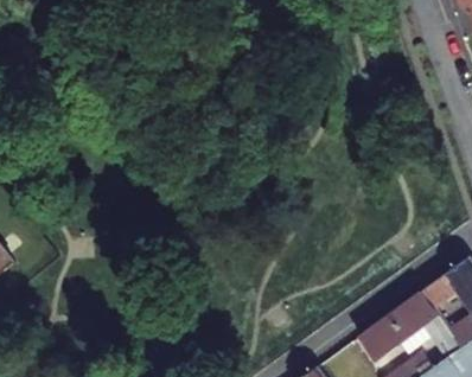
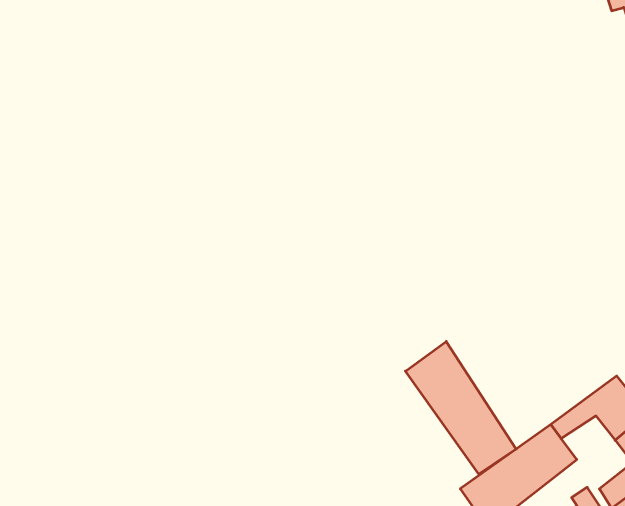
building: none -> [405,341,516,474]

